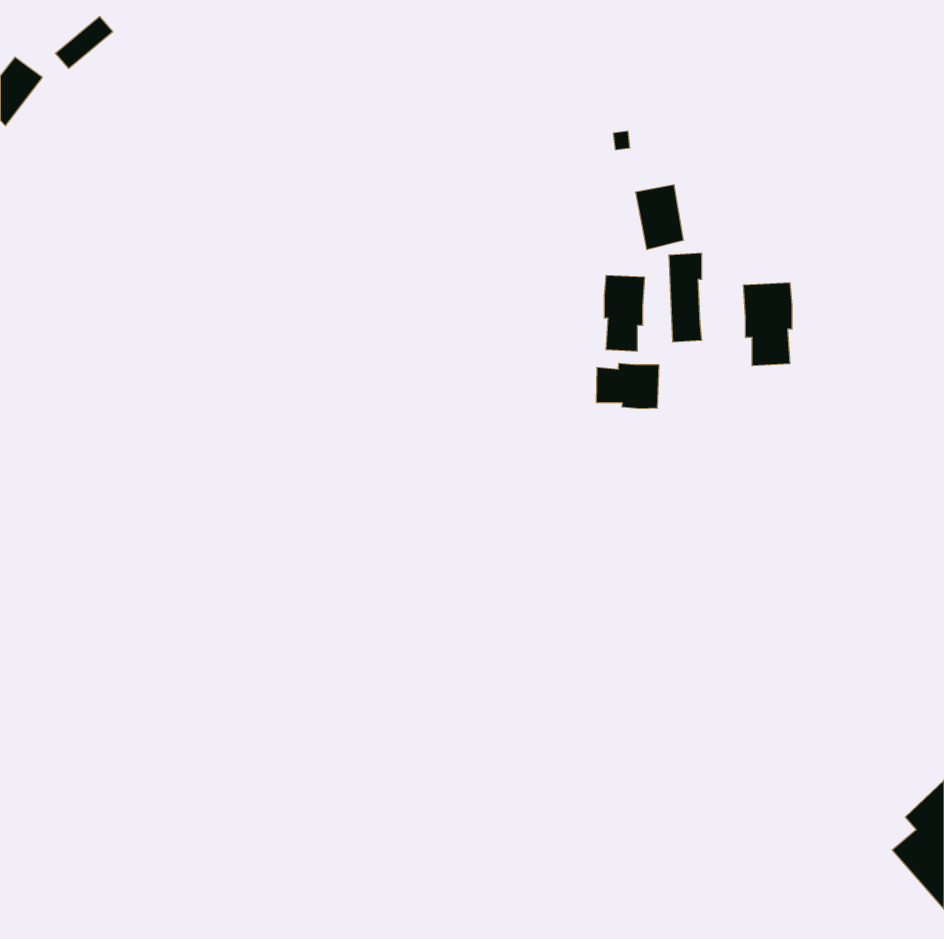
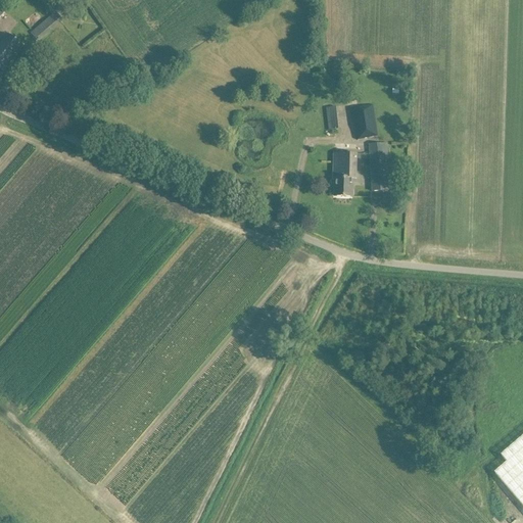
building: [743,283,792,366] -> none
building: [596,363,659,409] -> none

